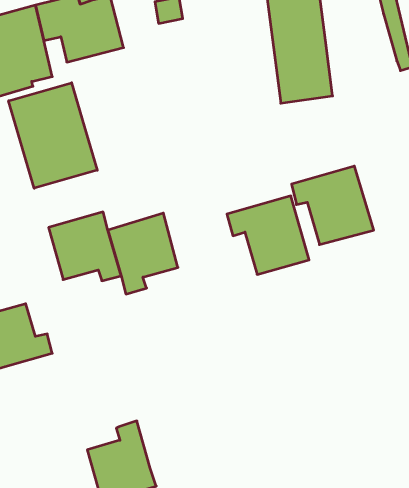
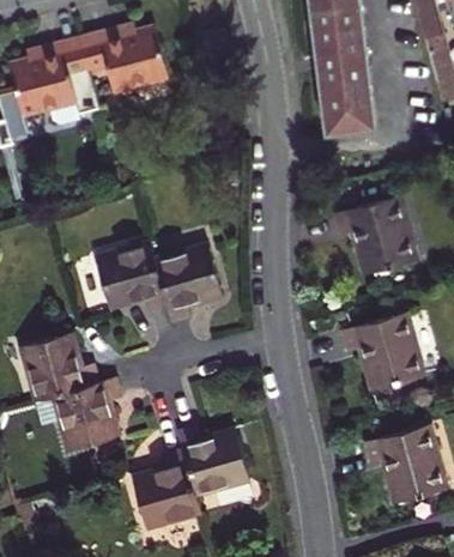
building: [9,83,97,188] -> none
building: [227,196,309,274] -> [343,313,424,390]
building: none -> [52,377,121,450]
building: none -> [367,424,447,502]
building: none -> [177,425,249,496]

